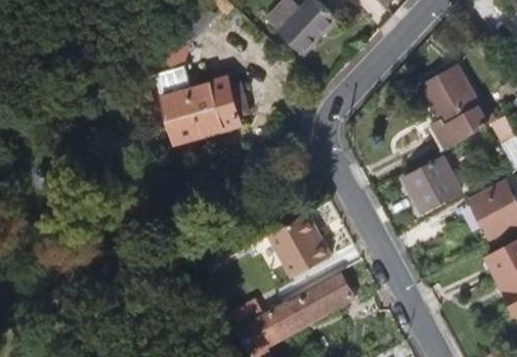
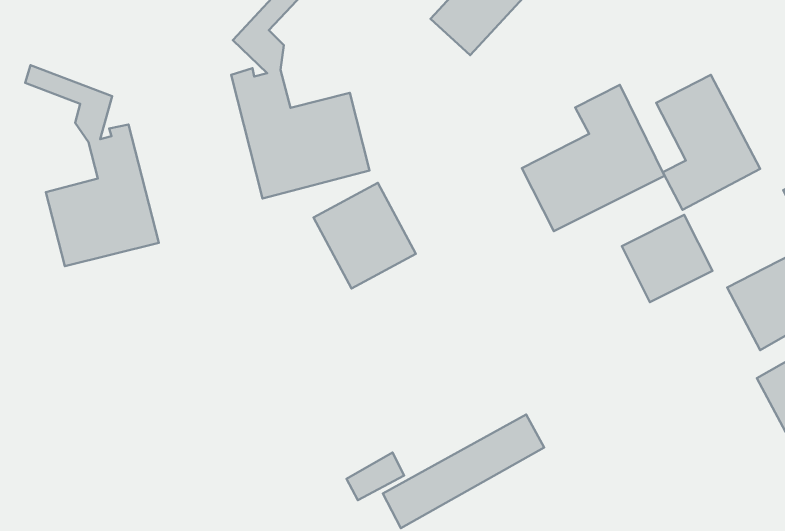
building: none -> [25,65,159,266]
building: none -> [522,85,665,231]
building: [268,213,332,278] -> [313,183,416,288]

